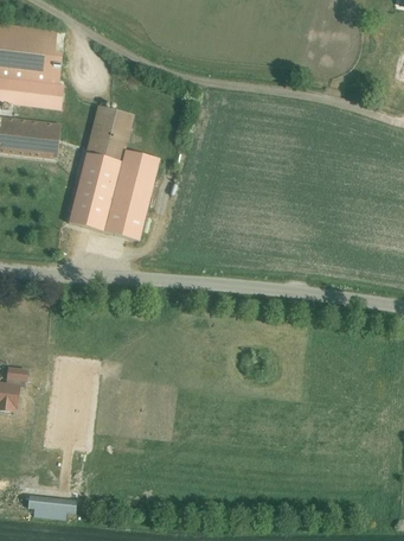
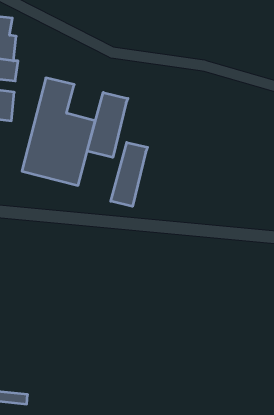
building: none -> [87,92,128,157]
building: none -> [111,142,148,206]

